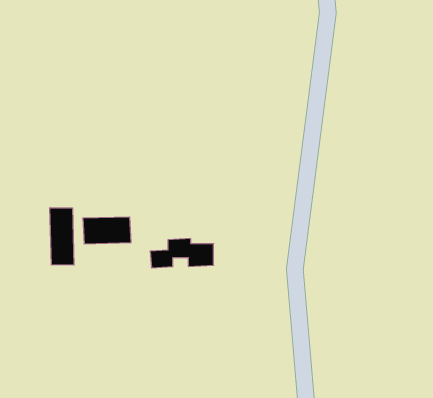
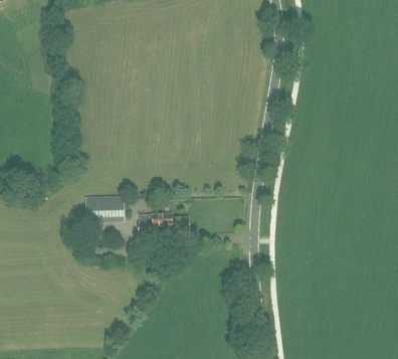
building: [50,208,74,265] -> none

